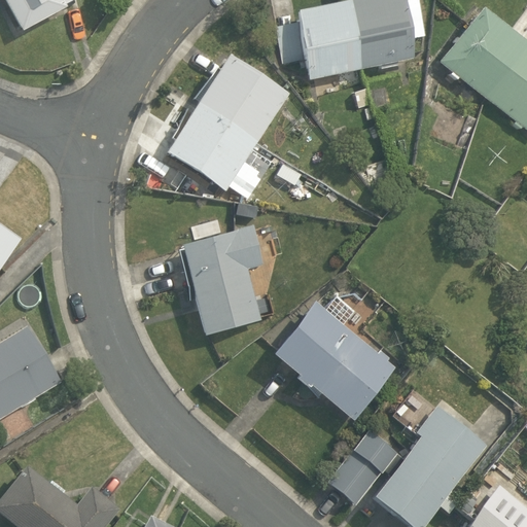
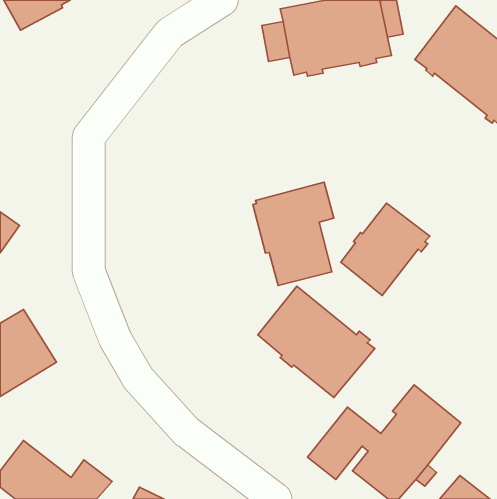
building: [165,52,290,191] -> none
building: none -> [341,203,430,295]
building: [179,225,265,335] -> [253,182,334,286]

